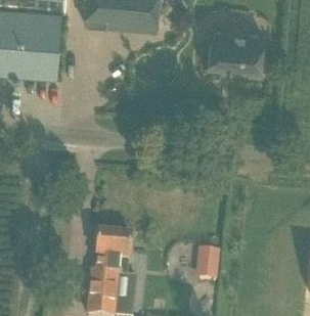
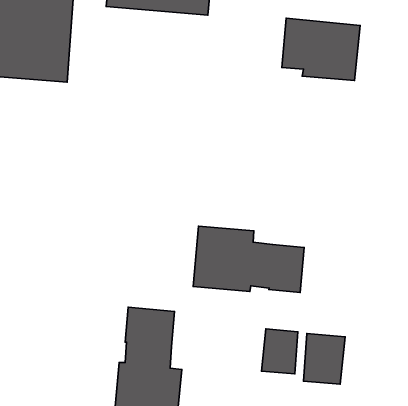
building: none -> [193,226,304,292]
building: none -> [304,333,345,384]

